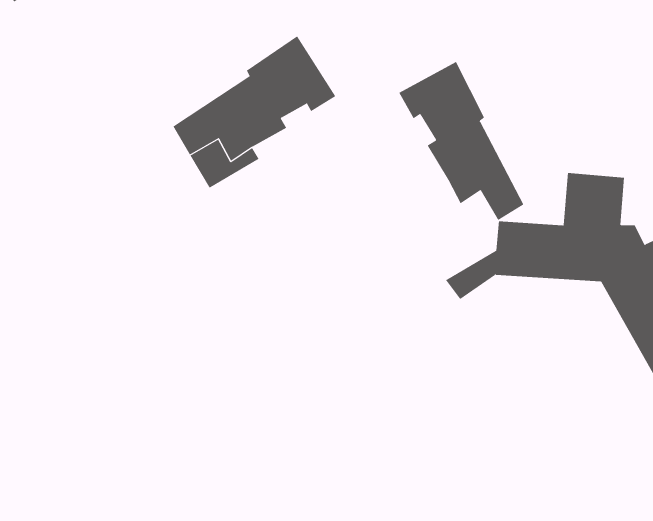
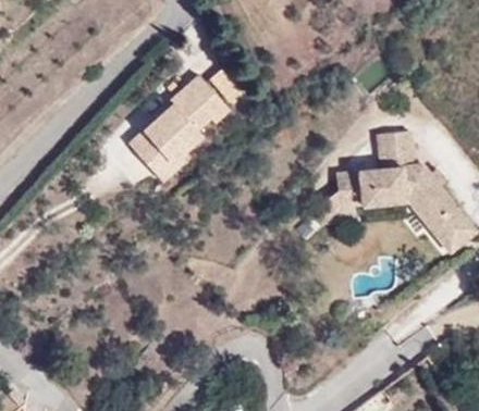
building: [398,61,524,221] -> none

